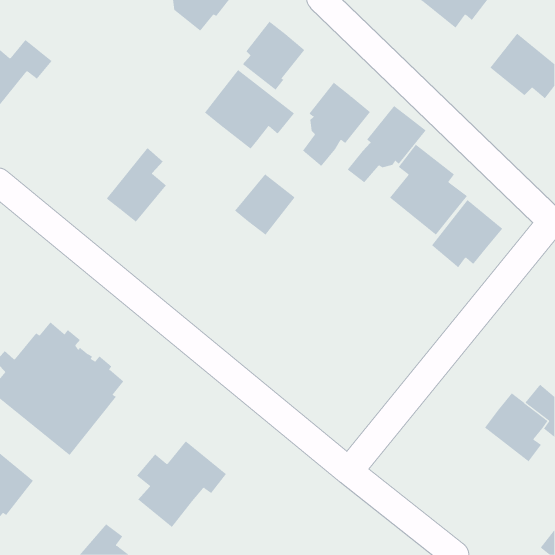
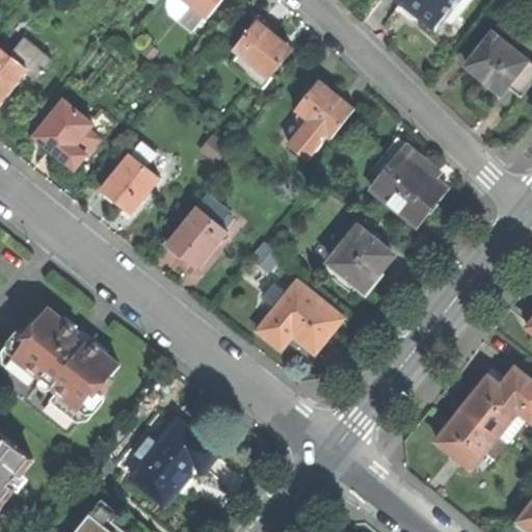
building: [204,69,295,150] -> none
building: none -> [33,99,116,167]
building: [347,105,427,183] -> none
building: [234,173,295,236] -> [167,207,225,266]
building: [431,199,503,268] -> [323,225,392,291]
building: none -> [259,281,342,350]
building: none -> [435,407,504,467]

